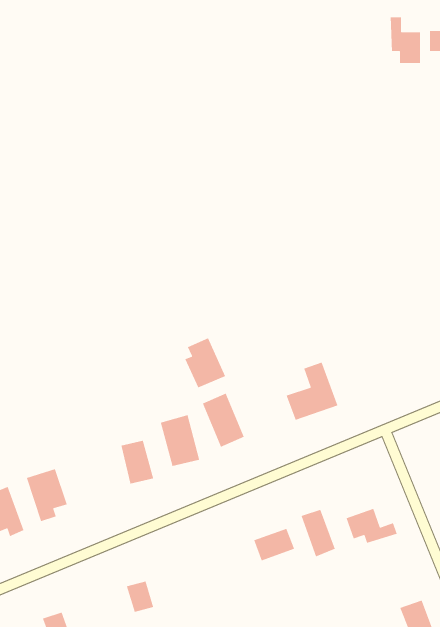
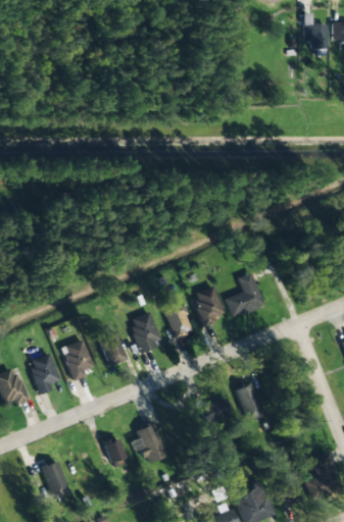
building: [184,337,226,389] -> [194,286,226,325]
building: none -> [62,341,92,381]
building: [345,508,398,544] -> none
building: none -> [132,423,167,465]

